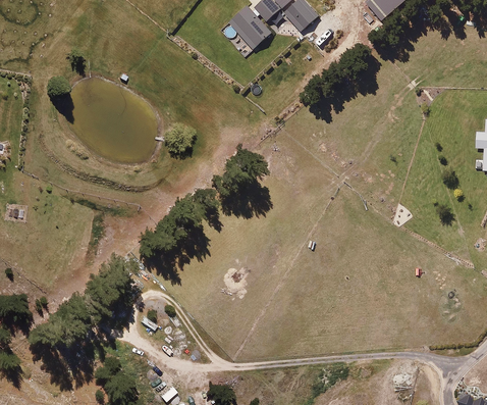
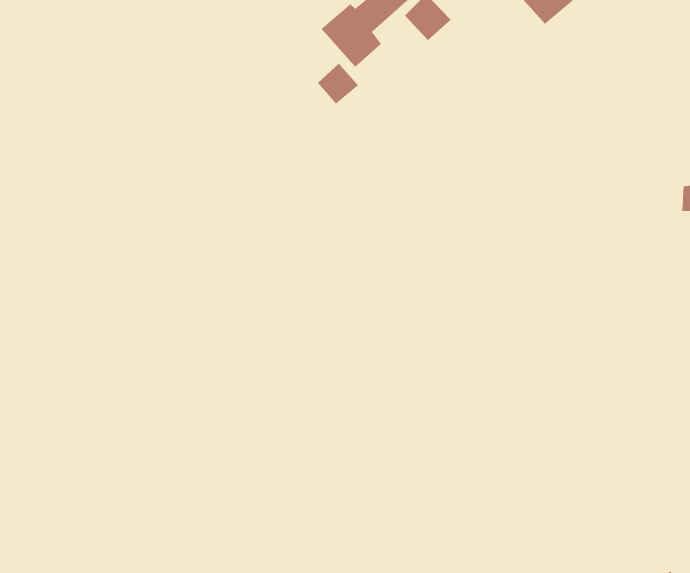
building: none -> [317,63,359,104]

